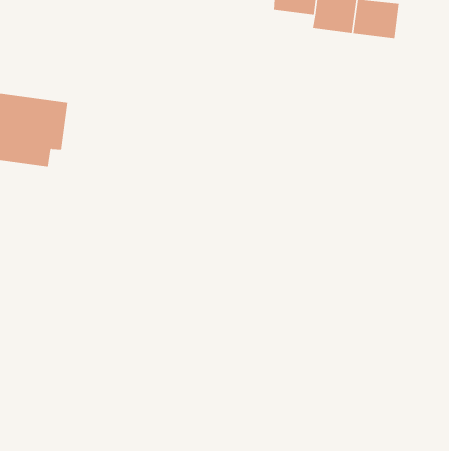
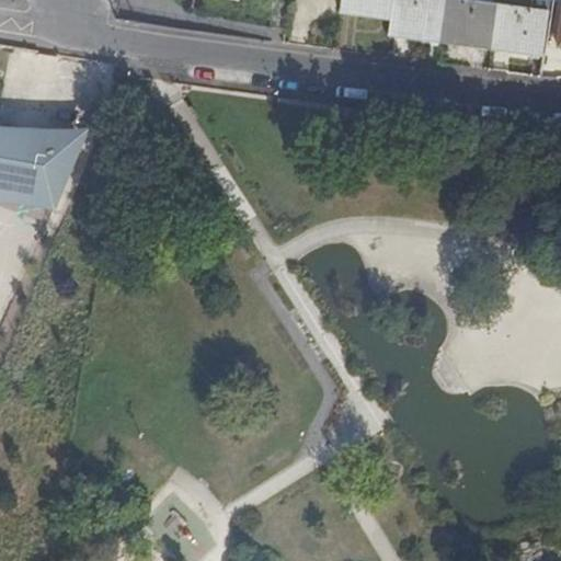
building: none -> [490,4,549,55]

